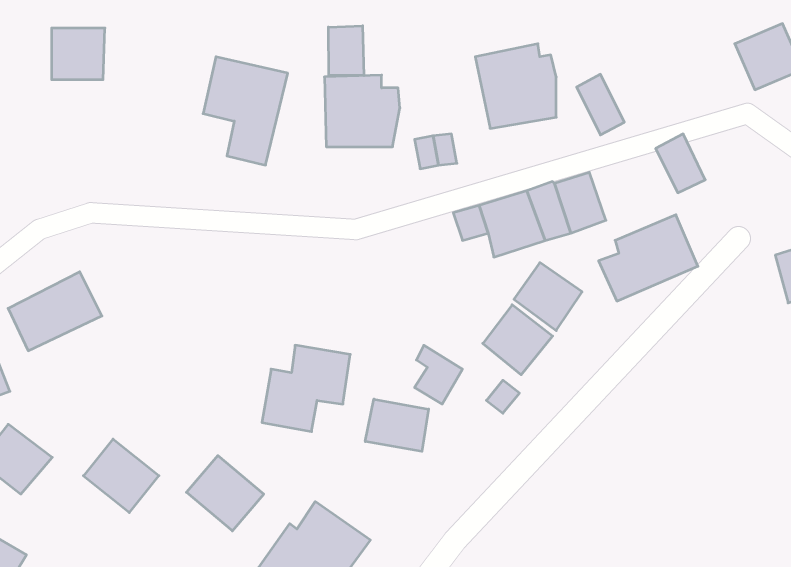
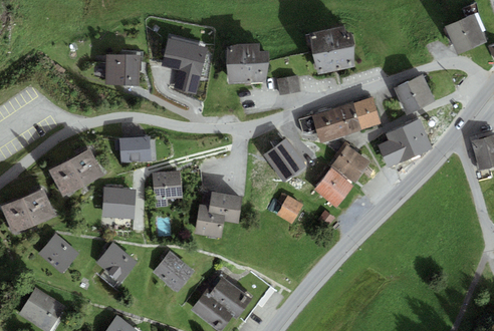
building: [328,26,364,76] -> none
building: [52,28,105,80] -> [109,54,139,82]
building: [577,74,624,135] -> [394,81,420,114]
building: none -> [124,137,152,160]
building: none -> [262,138,305,183]
building: none -> [157,172,184,198]
building: none -> [106,188,137,217]
building: [365,399,429,451] -> none

